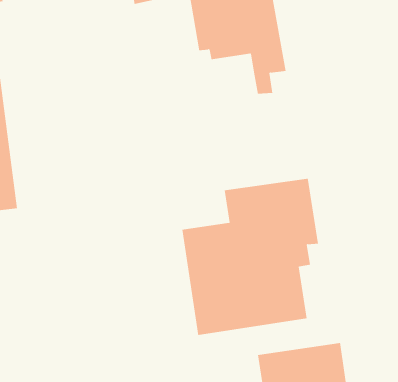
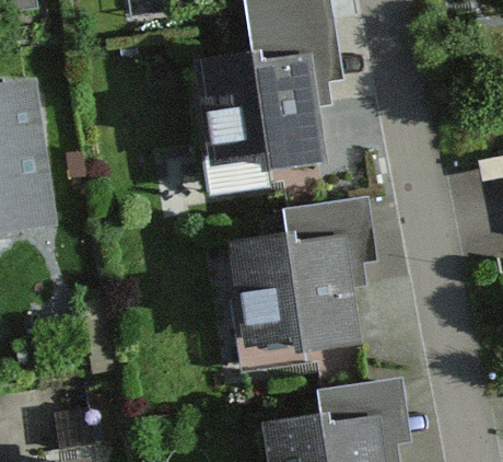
building: none -> [190,55,321,197]

